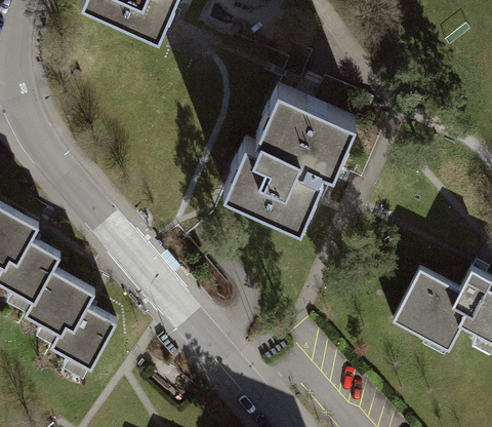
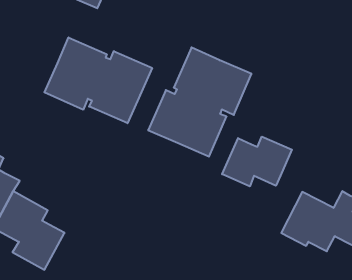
building: none -> [44,37,152,123]
building: none -> [222,137,292,186]

